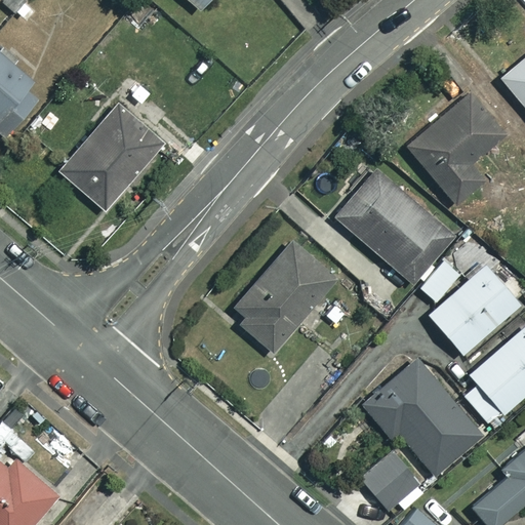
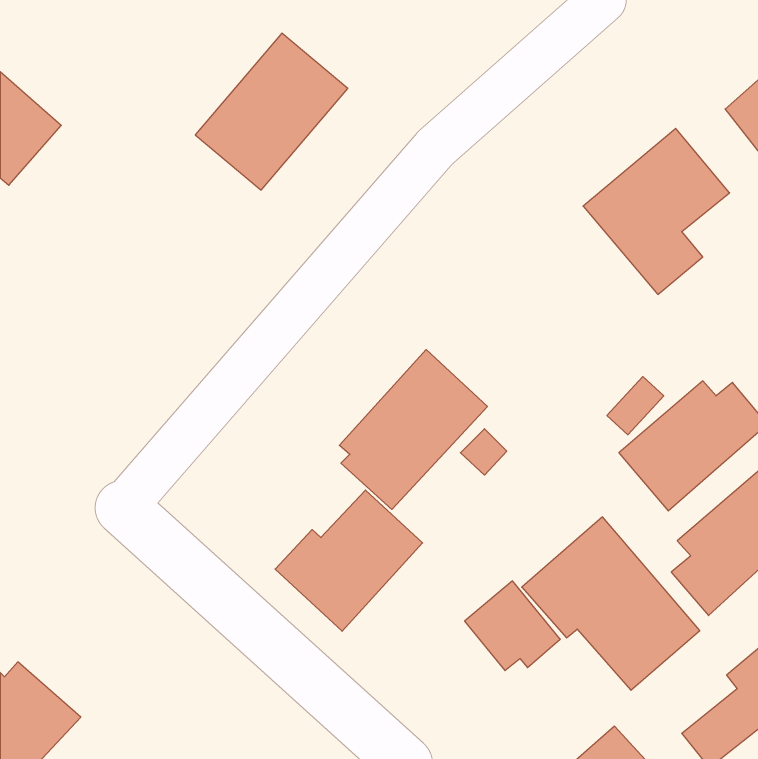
building: [59,103,164,210] -> [195,33,348,190]
building: [334,168,453,284] -> none
building: none -> [275,490,423,631]
building: [361,450,427,512] -> [465,581,560,671]

